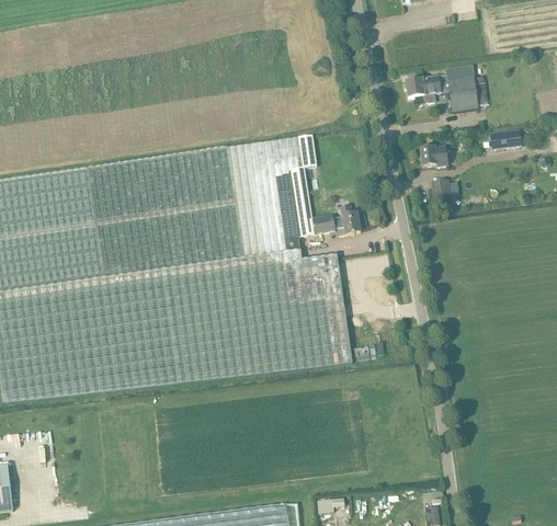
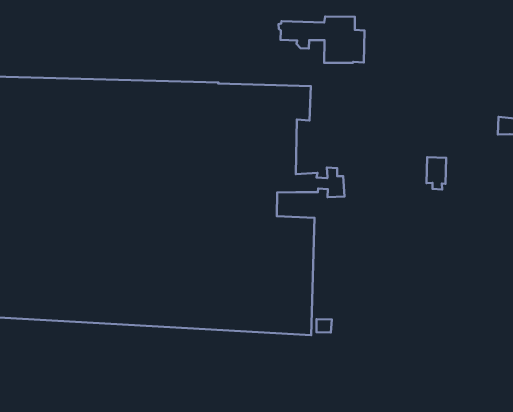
building: [402,65,487,112] -> [278,17,364,63]
building: [419,146,446,167] -> none

